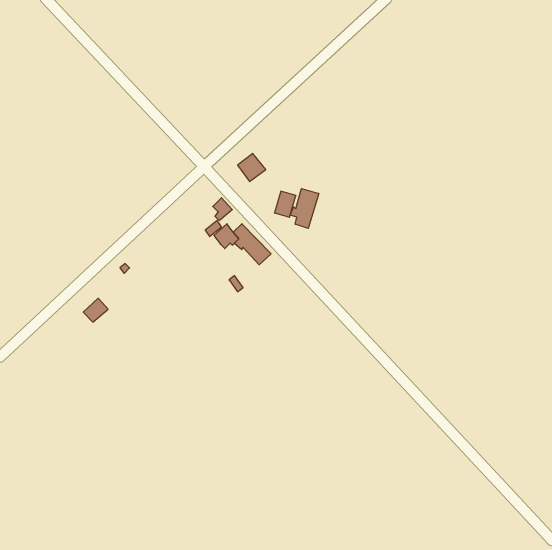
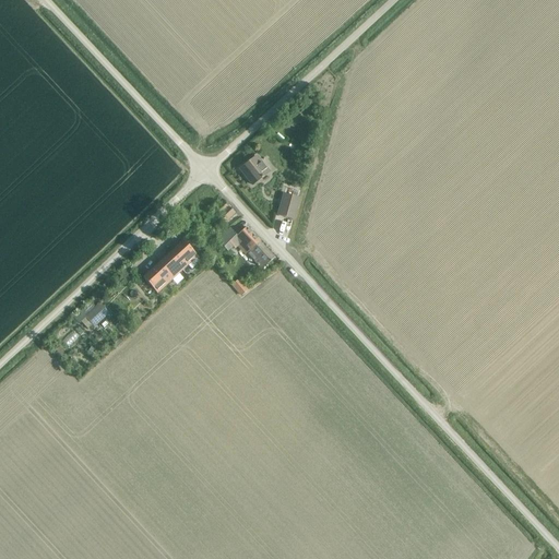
building: [290,189,319,228] -> none
building: none -> [143,239,199,292]

